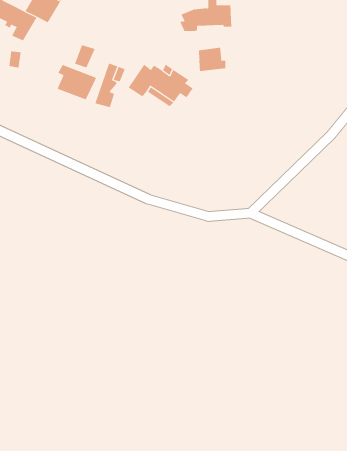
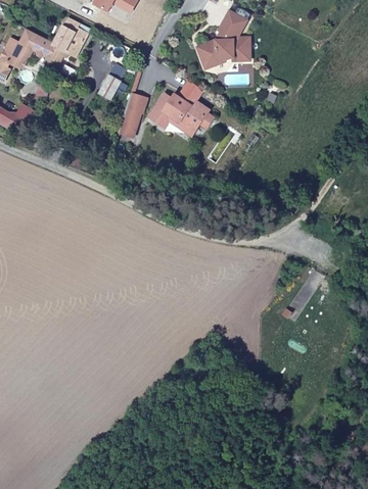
building: [198,47,226,72] -> none
building: [57,64,97,100] -> none

